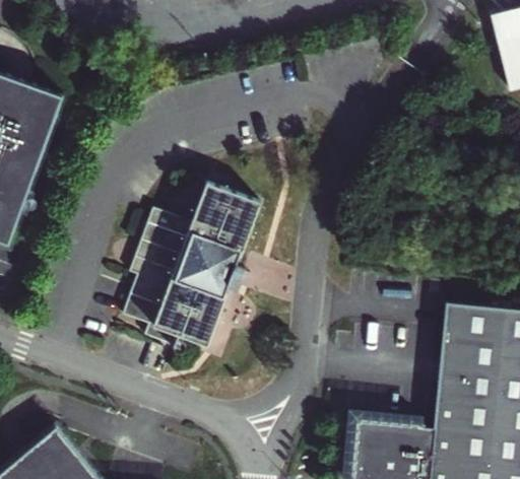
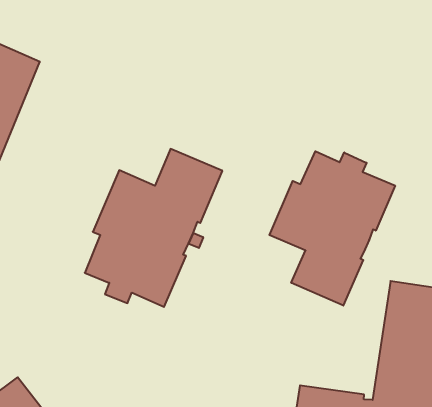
building: none -> [269,151,395,306]

